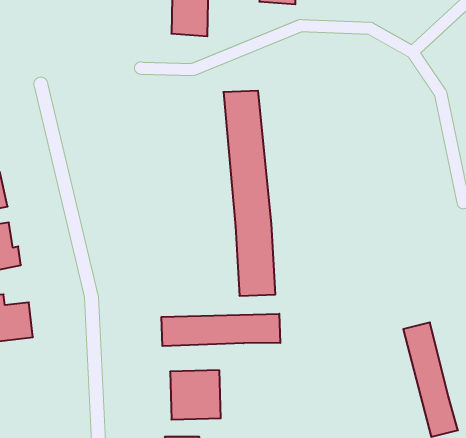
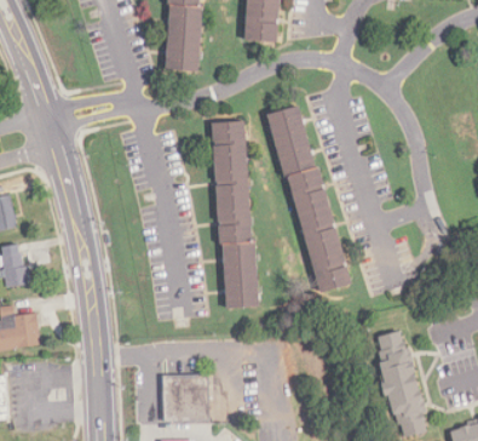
building: none -> [266,105,352,292]
building: [161,314,280,346] -> none

